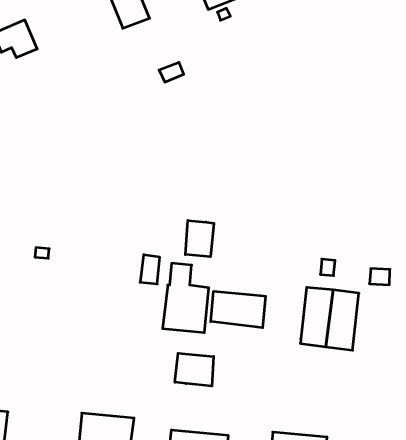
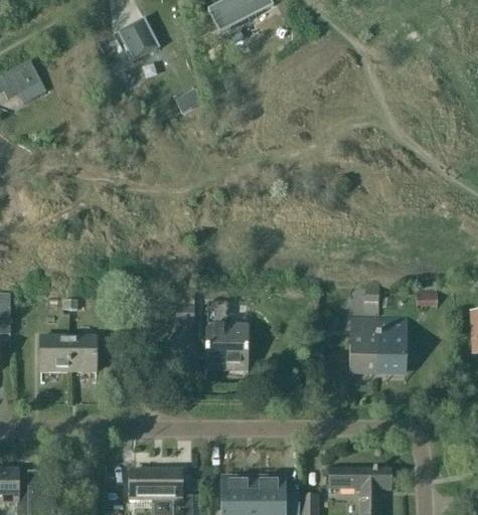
building: [185,220,214,257] -> none
building: none -> [39,337,96,372]
building: [211,291,266,328] -> none
building: [175,353,214,386] -> none

